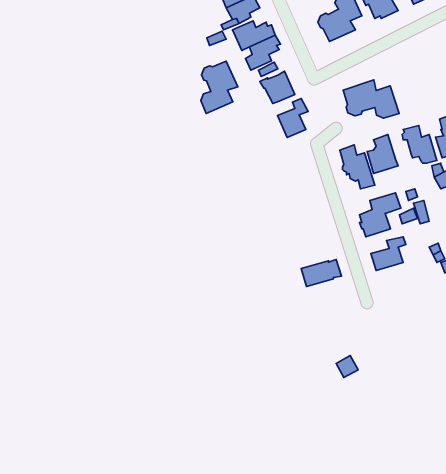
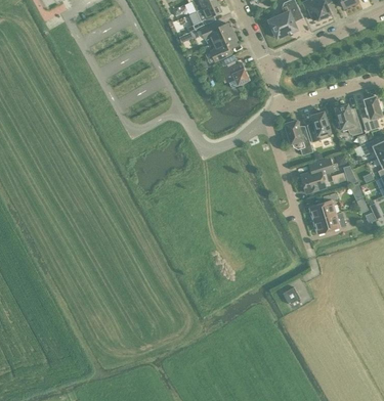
building: [201,61,238,114] -> none
building: [343,80,399,118] -> none
building: [277,99,308,137] -> none
building: [301,259,341,287] -> [313,212,345,233]

